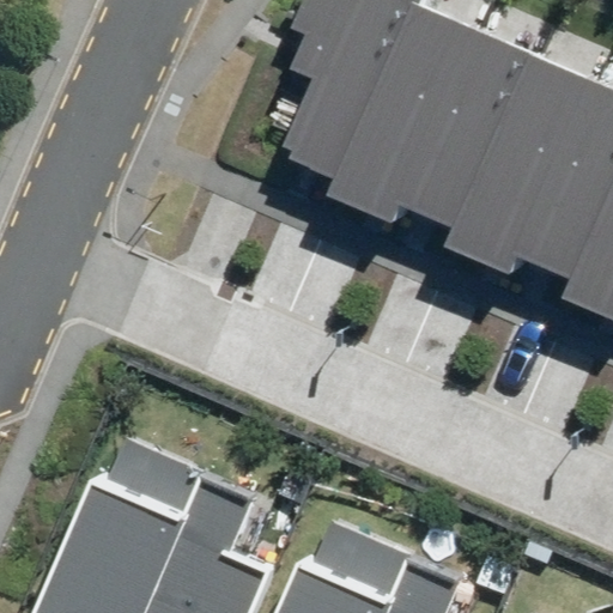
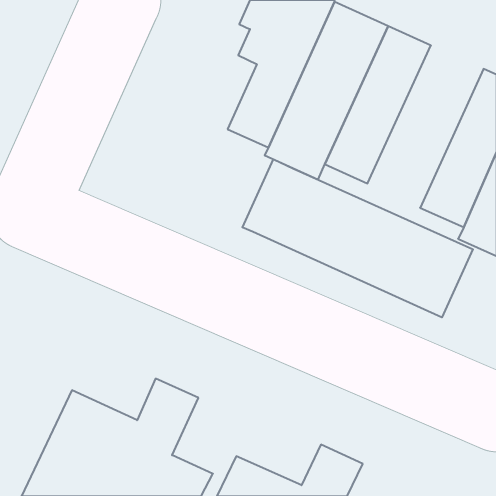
building: [448,56,596,271] -> none
building: none -> [242,159,473,317]

